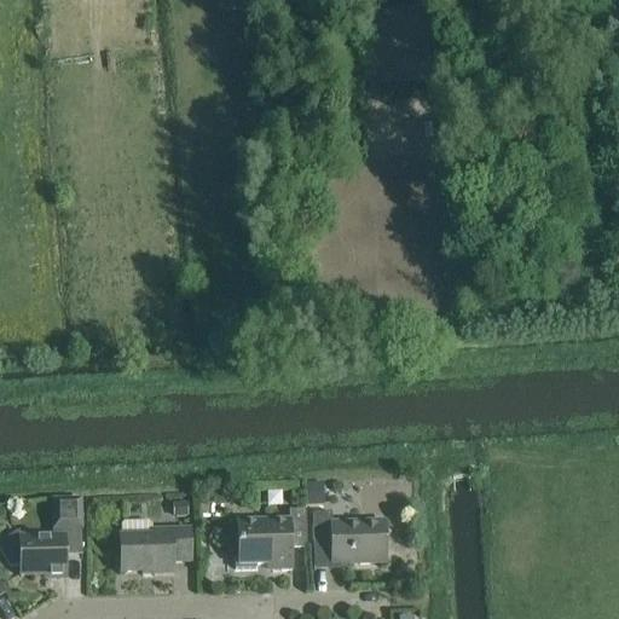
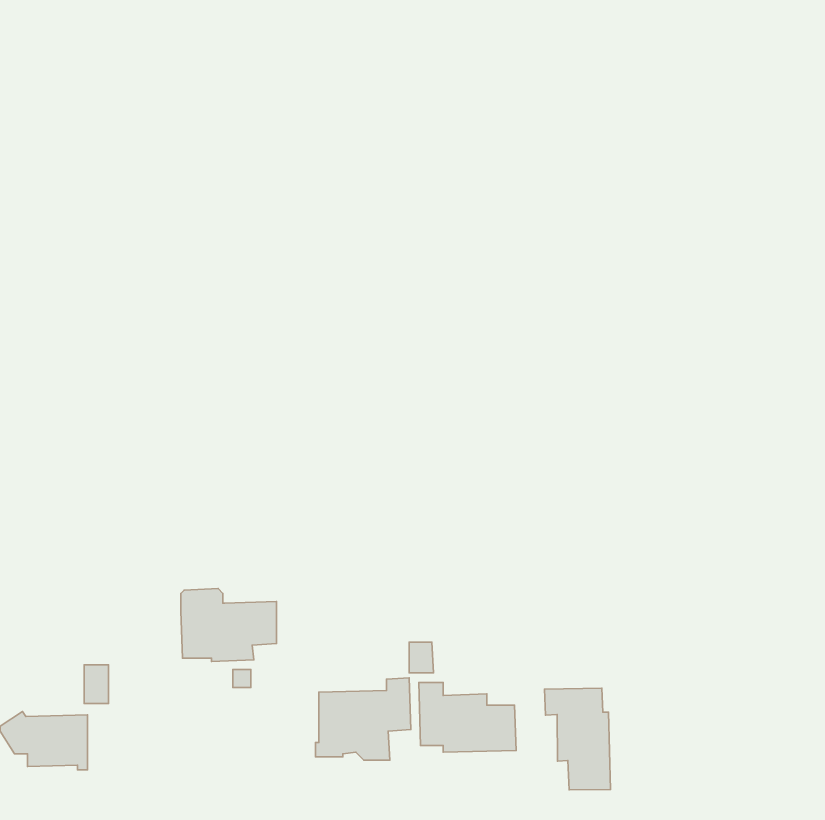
building: none -> [544,688,610,790]
building: [121,517,192,572] -> [181,589,276,661]

